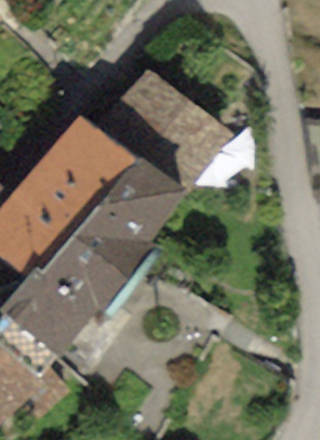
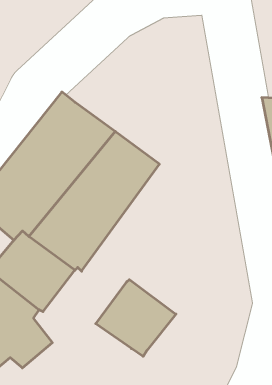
building: [92,69,231,192] -> none
building: none -> [96,280,176,356]

